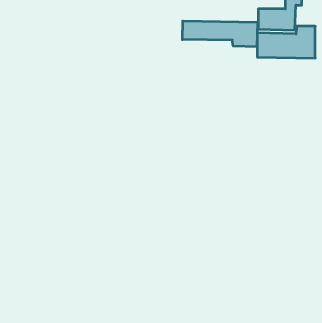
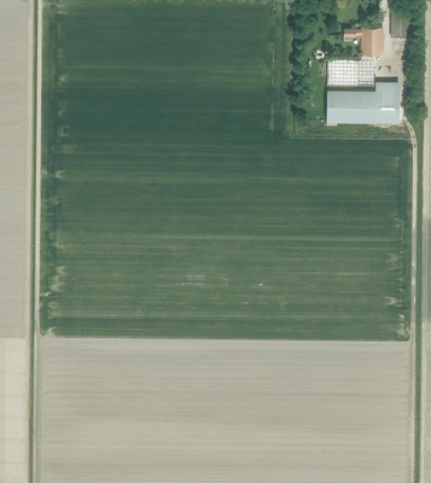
building: [182,21,258,47] -> none

